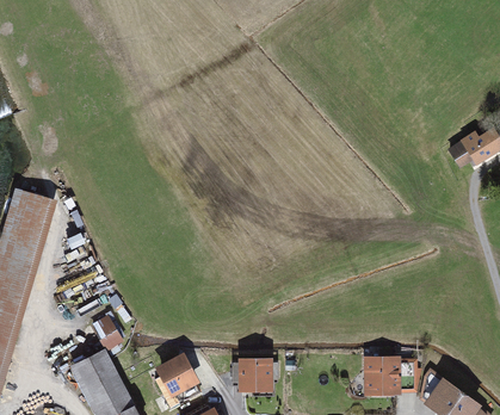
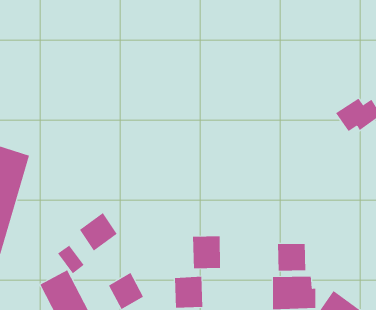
building: none -> [79,212,118,252]
building: none -> [192,235,220,269]
building: none -> [277,243,306,272]

